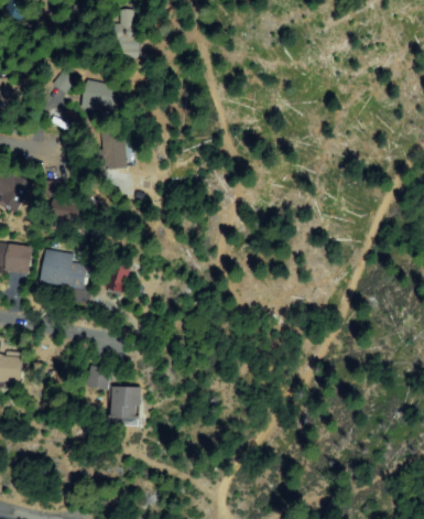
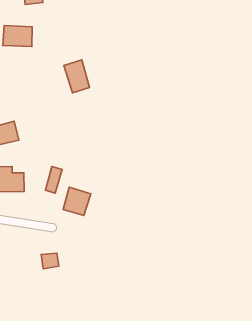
building: [99,131,127,170] -> [64,60,90,93]
building: none -> [63,187,91,216]
building: [109,388,138,423] -> none

